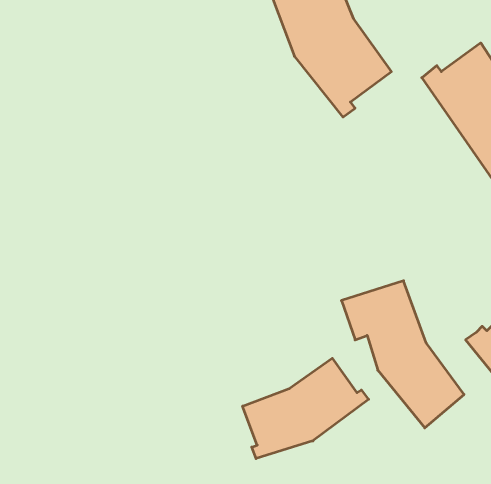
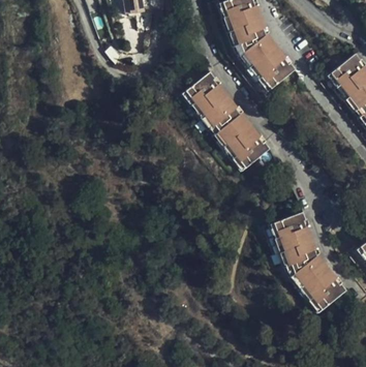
building: none -> [183,70,269,170]
building: [243,358,369,459] -> none

